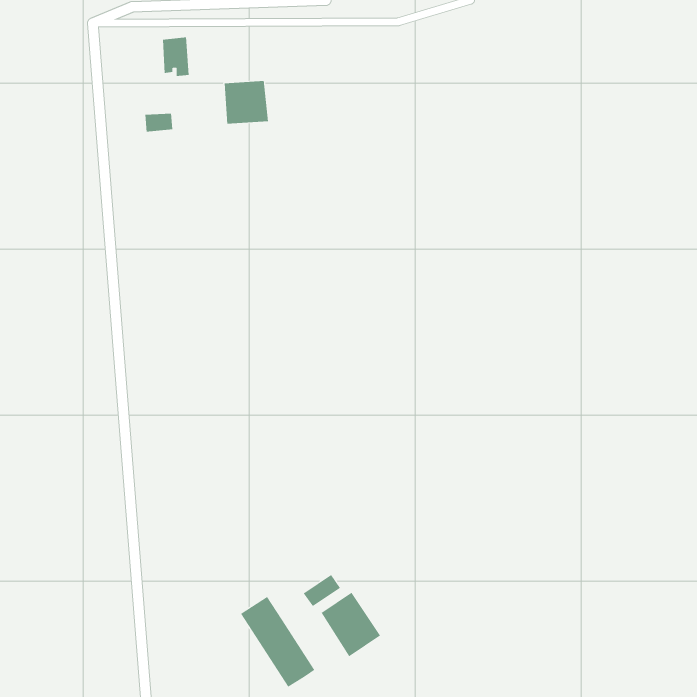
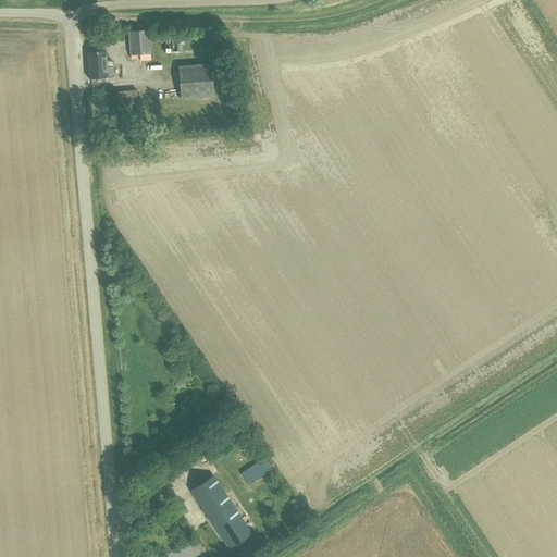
building: none -> [88,51,112,79]
building: [321,592,381,657] -> none

